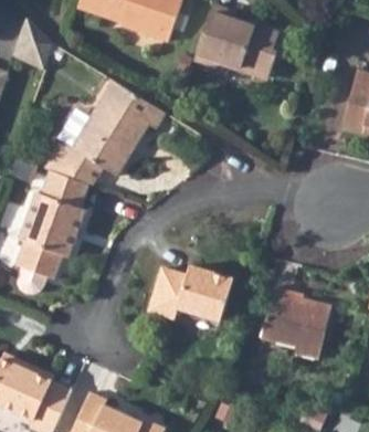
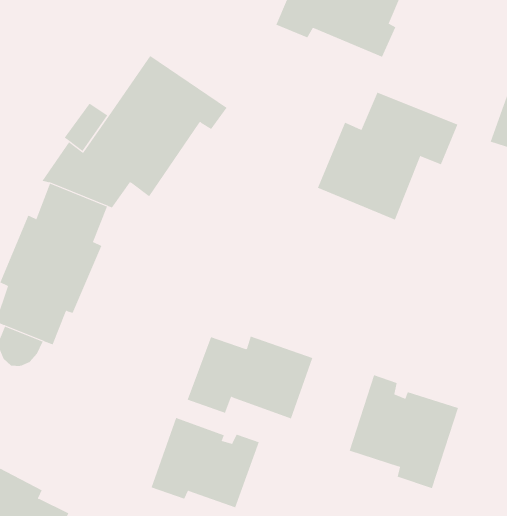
building: none -> [317,92,458,220]
building: none -> [151,417,260,508]

